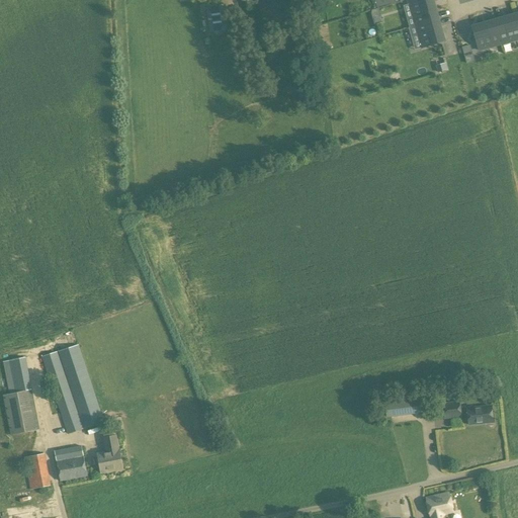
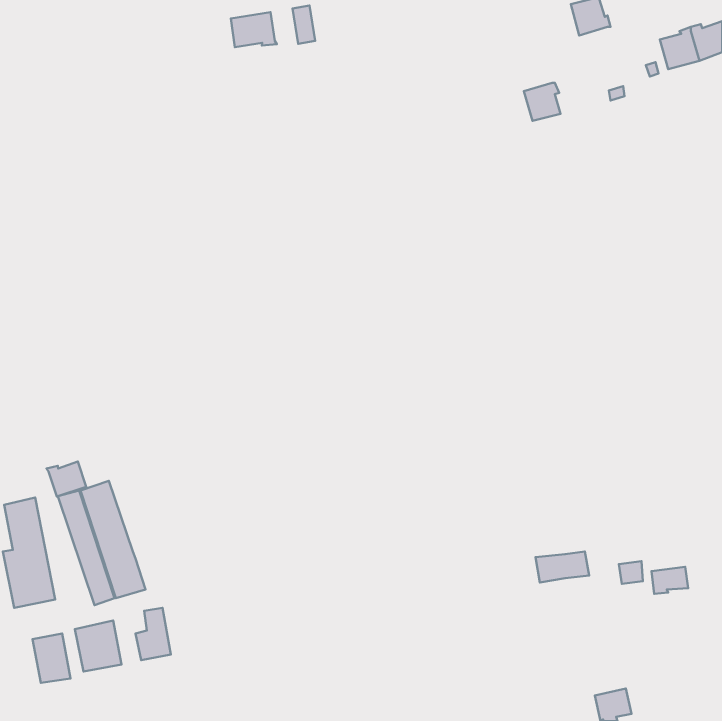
building: none -> [231,12,277,47]
building: [415,19,441,47] -> [524,83,561,121]
building: none -> [46,462,86,497]

